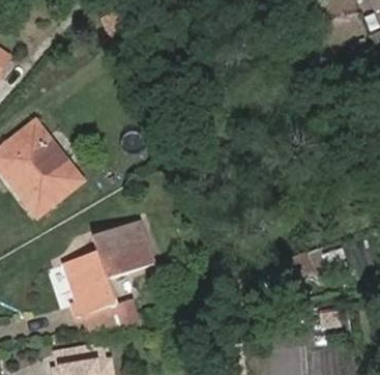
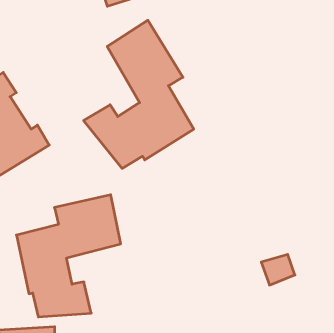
building: none -> [84,20,194,168]

